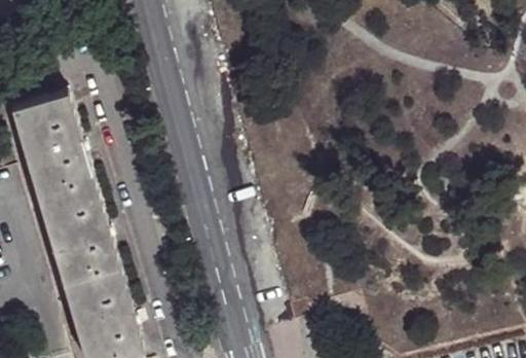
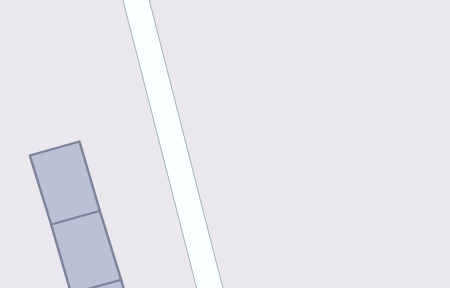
building: [12,100,91,192] -> none

